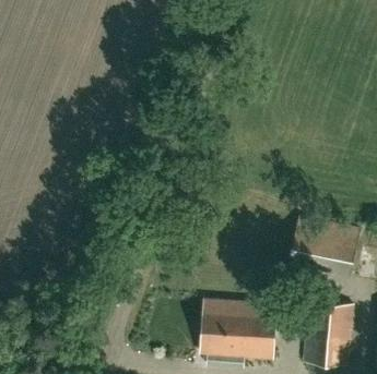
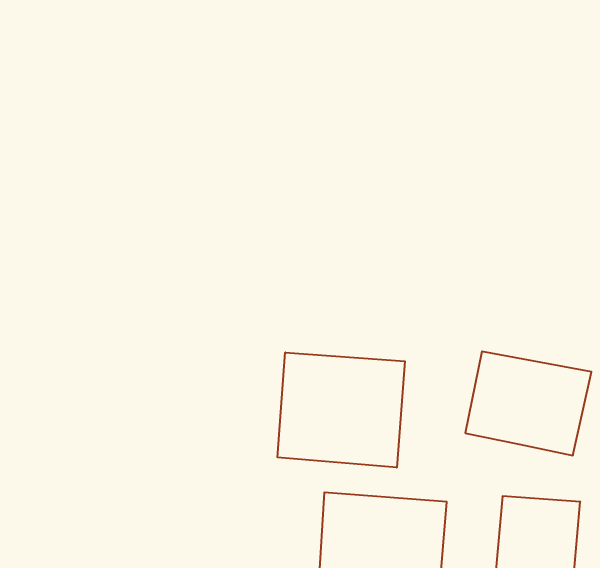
building: none -> [278,352,405,468]

